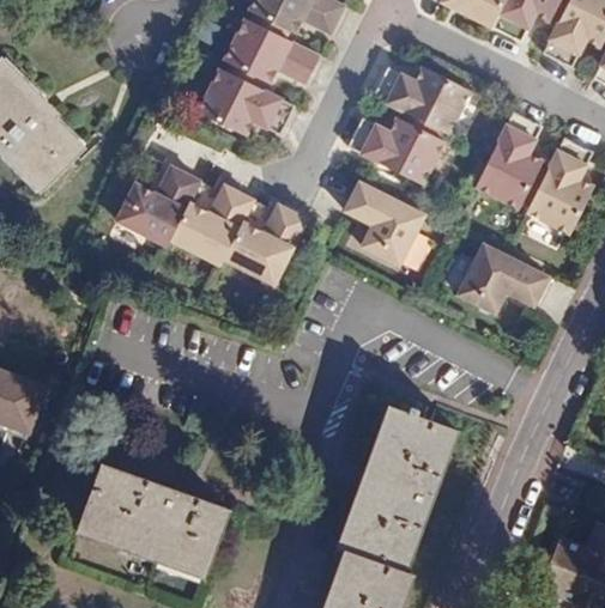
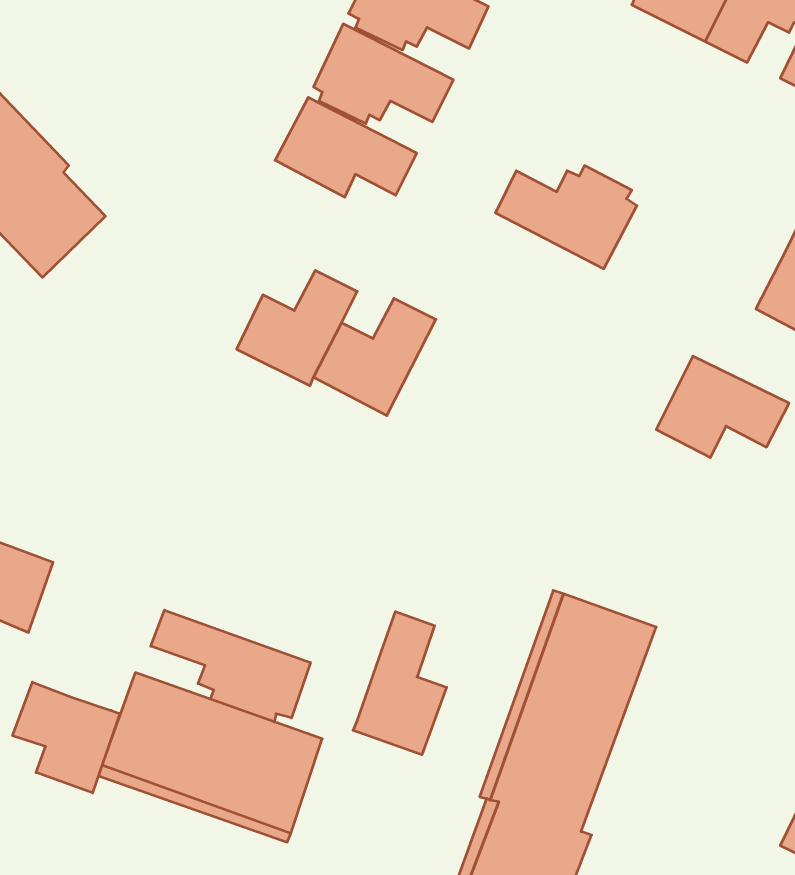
building: [374,66,471,134] -> none
building: [476,111,547,208] -> none
building: [117,166,200,245] -> none
building: [345,182,425,265] -> none
building: none -> [151,610,310,722]
building: none -> [353,612,447,755]
building: none -> [13,682,120,793]

